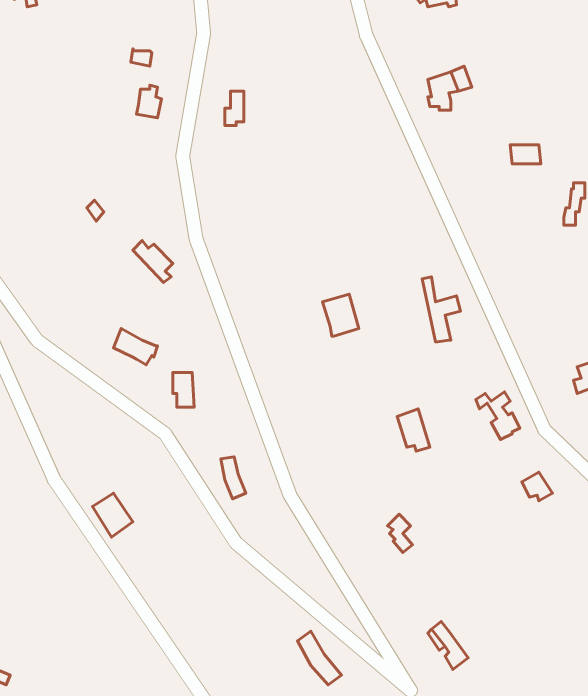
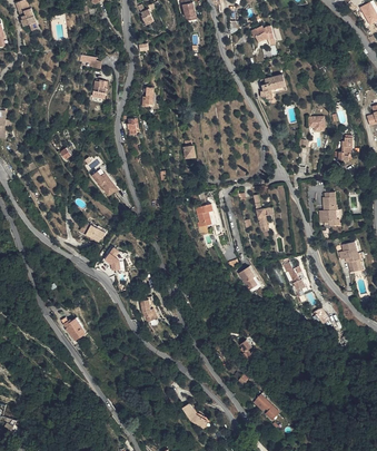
building: none -> [319,192,338,226]

